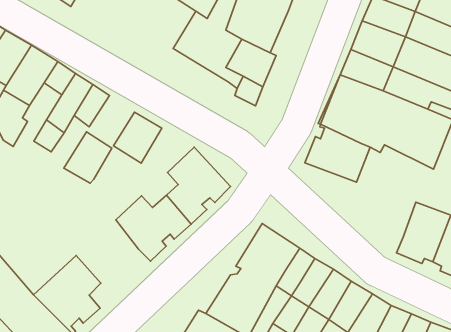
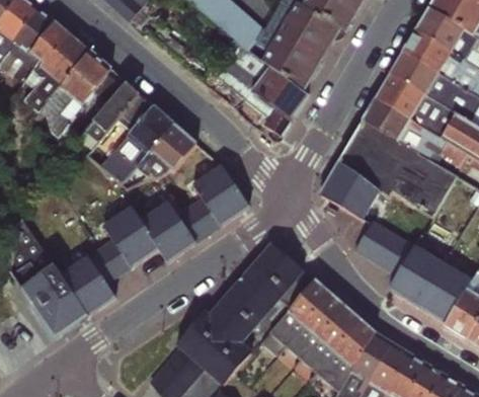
building: none -> [127,107,172,155]
building: none -> [353,221,412,274]
building: none -> [98,208,157,274]

